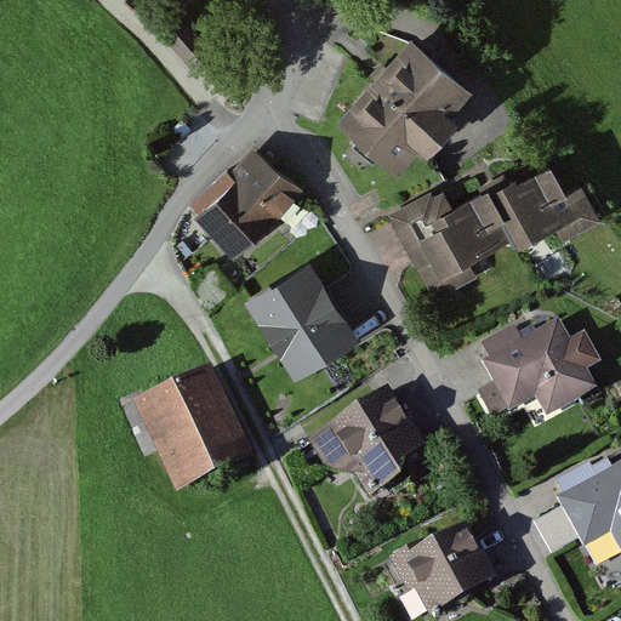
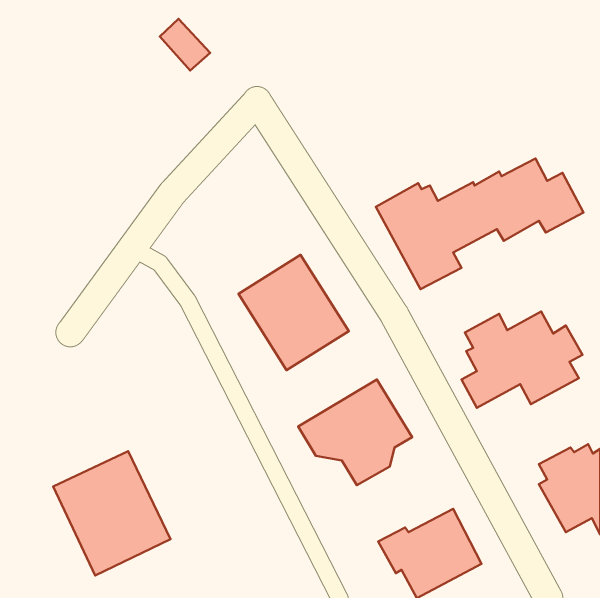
building: [338,35,474,172] -> none
building: [190,146,303,257] -> none
building: [133,369,255,497] -> [53,451,170,576]

